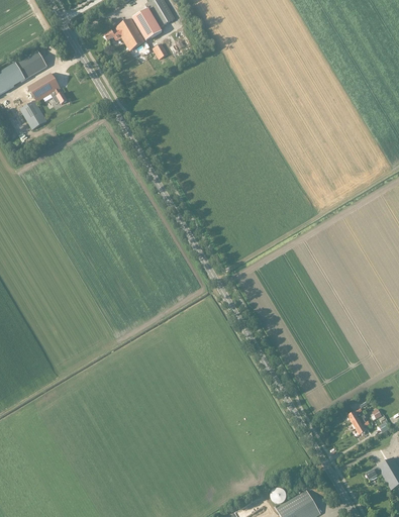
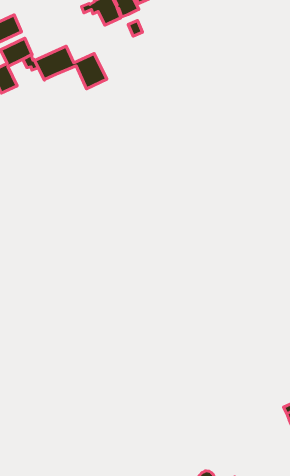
building: none -> [35,46,107,89]

